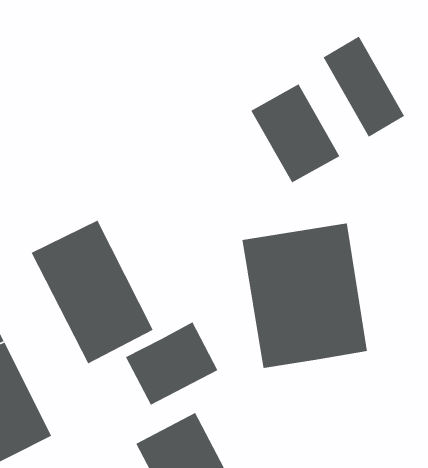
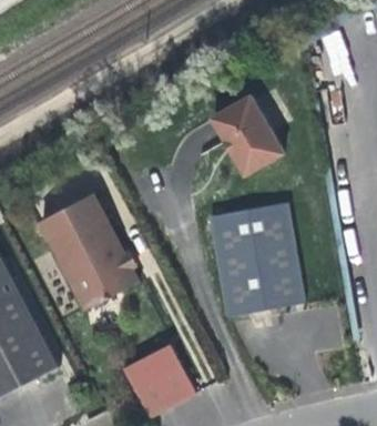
building: [323,36,405,138] -> none
building: [125,321,218,406] -> none

